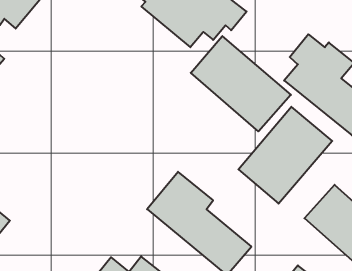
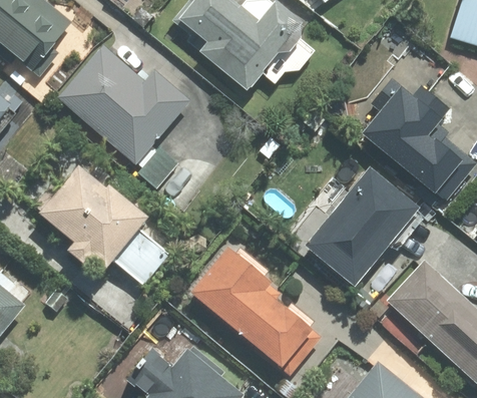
building: none -> [59,46,191,165]
building: [191,36,291,131] -> none
building: none -> [32,165,170,286]

